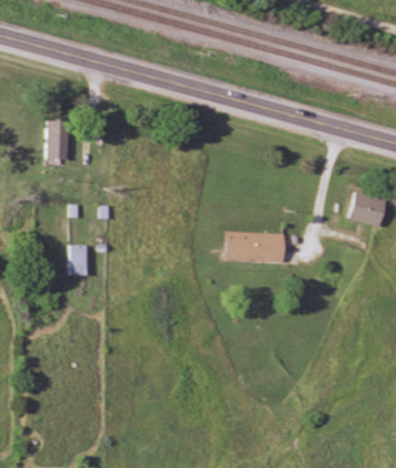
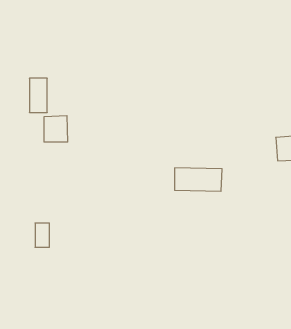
building: none -> [44,116,68,142]
building: [70,245,88,275] -> [35,223,49,247]

